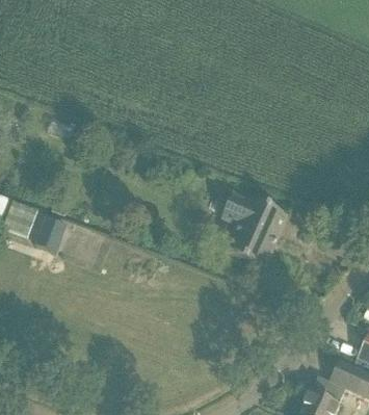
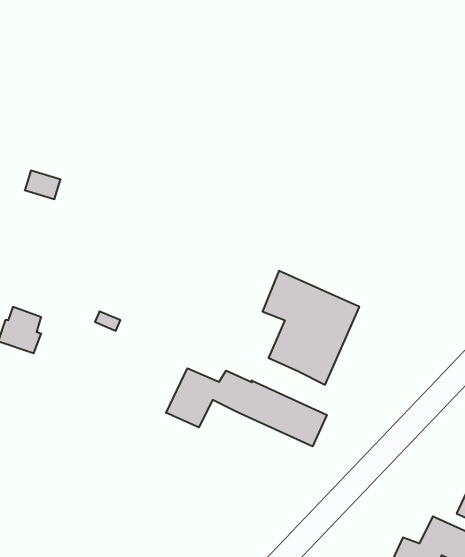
building: none -> [166,368,327,446]

